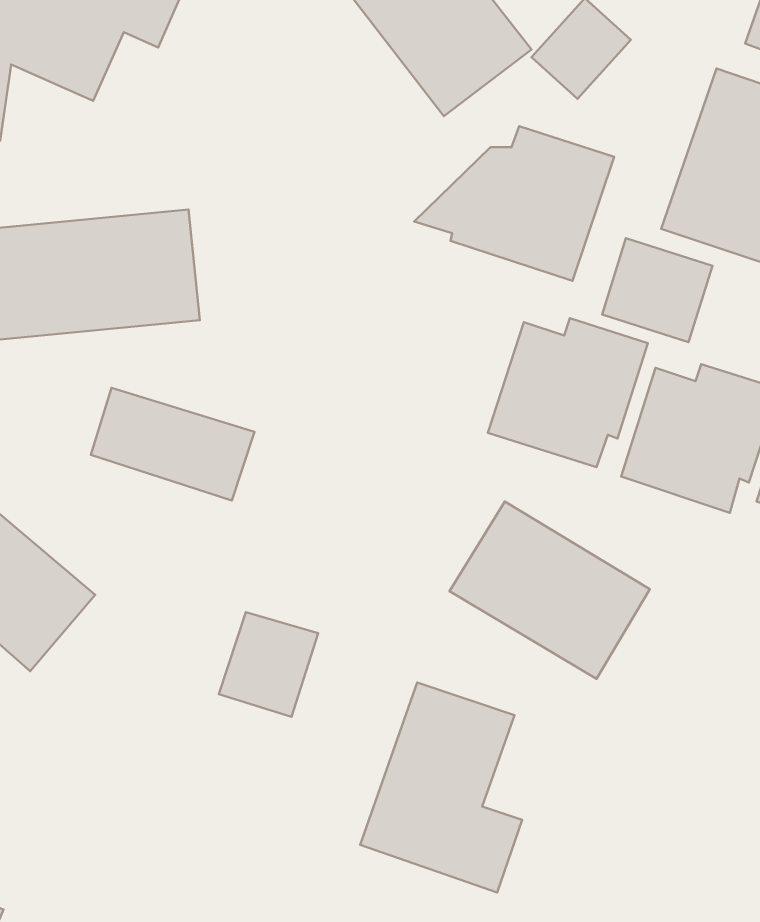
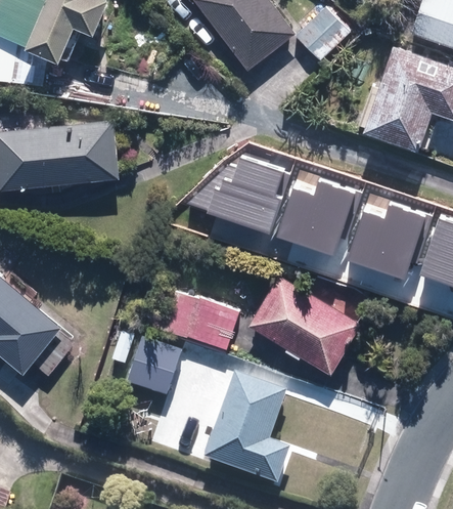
building: [414,126,614,281] -> [183,156,290,239]
building: [602,238,712,342] -> none
building: [91,388,255,501] -> [150,289,238,349]

